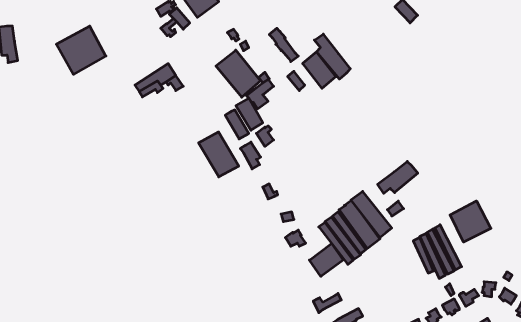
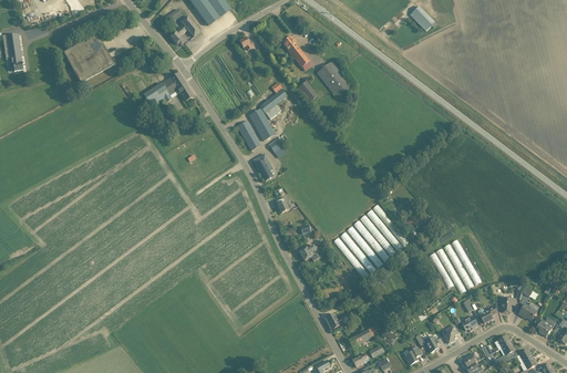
building: [314,34,350,79] -> none
building: [216,50,260,97] -> none
building: [199,132,239,177] -> none
building: [378,161,418,193] -> none
building: [450,201,491,242] -> none
building: [309,244,343,276] -> none

